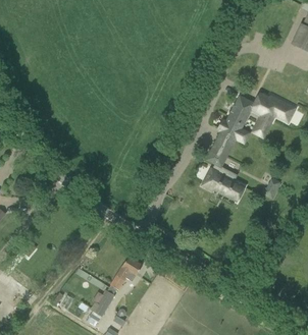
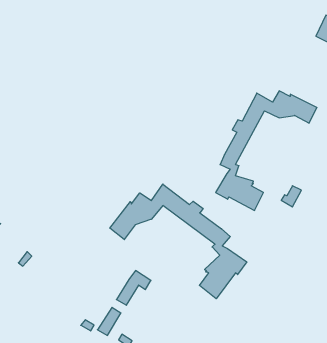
building: none -> [110,184,247,299]

